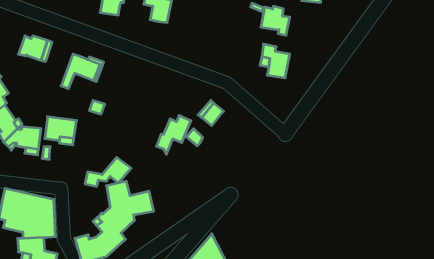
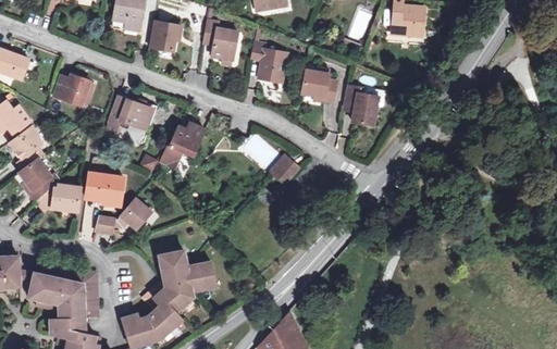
building: [261,6,290,35] -> [301,68,336,103]
building: none -> [251,42,285,82]
building: [156,115,191,154] -> [162,123,203,170]
building: [85,157,131,186] -> [96,199,151,234]

